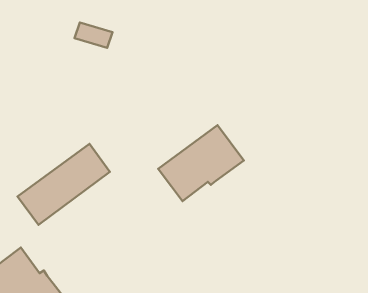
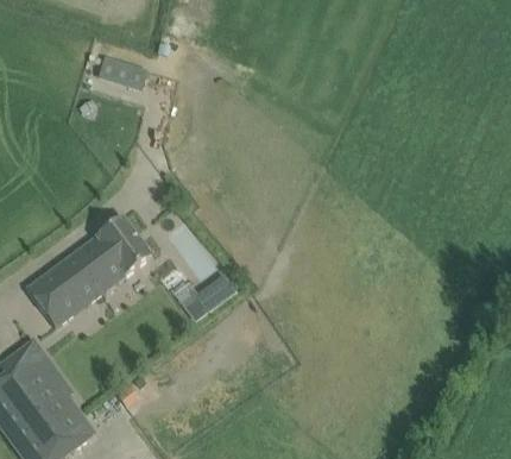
building: [158,125,244,201] -> none
building: none -> [195,273,235,312]

